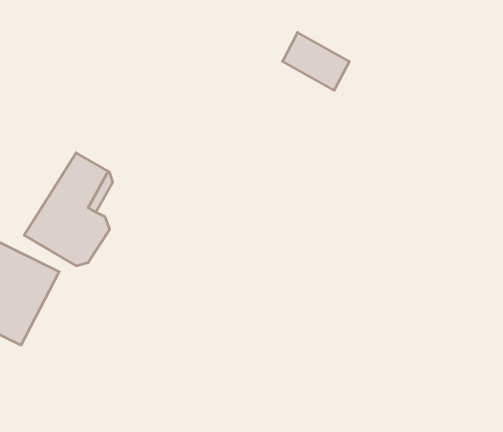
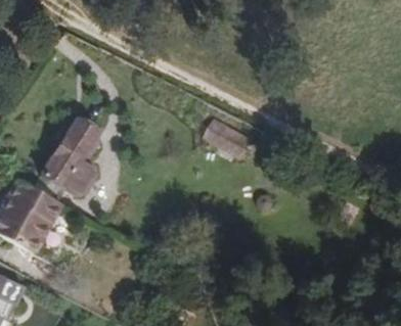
building: [282,32,349,90] -> [203,117,248,155]

